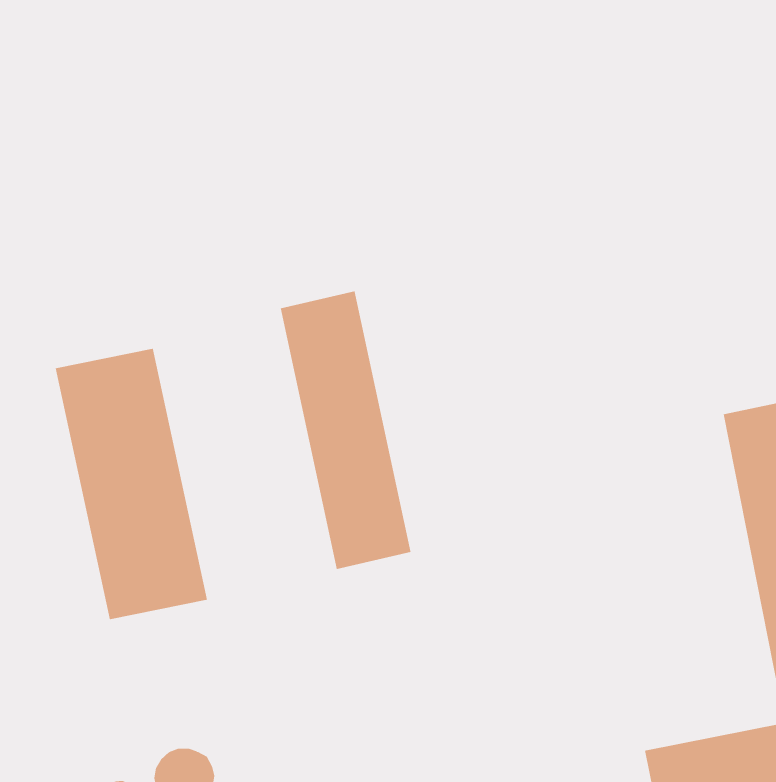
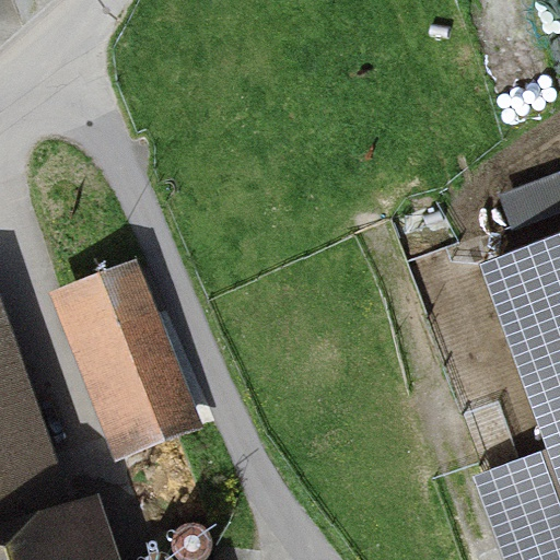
building: [280,290,411,570] -> none

